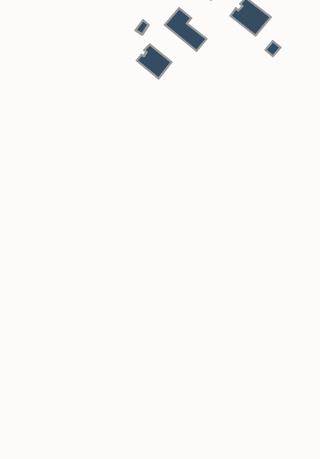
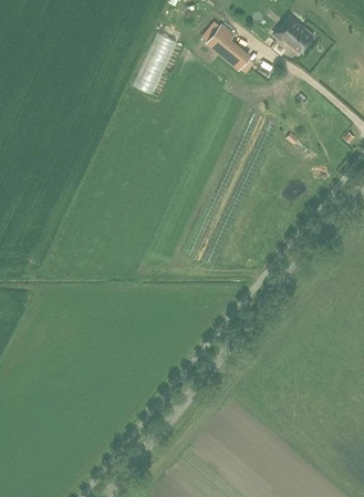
building: [137,44,171,79] -> none

